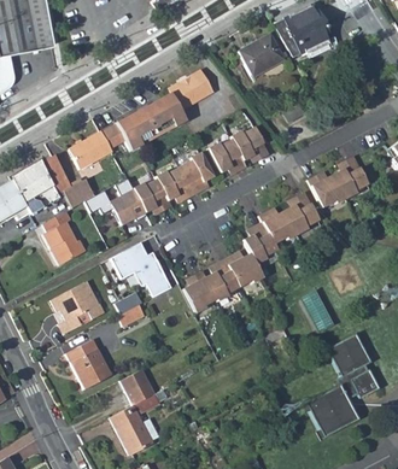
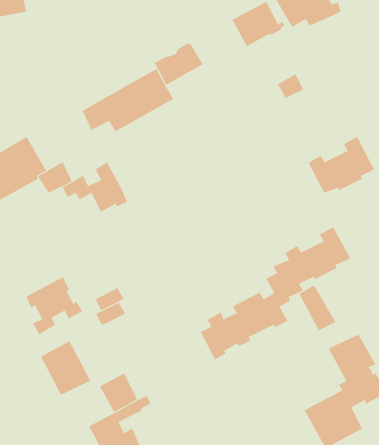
building: [206,125,269,172] -> none
building: [71,131,113,169] -> none
building: [131,151,211,212] -> none
building: [183,192,320,312] -> [200,226,351,360]
building: [43,210,87,264] -> none
building: [112,242,172,295] -> none

